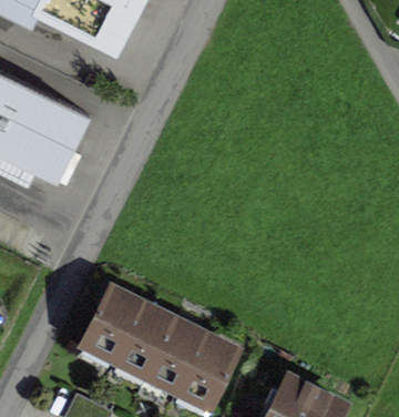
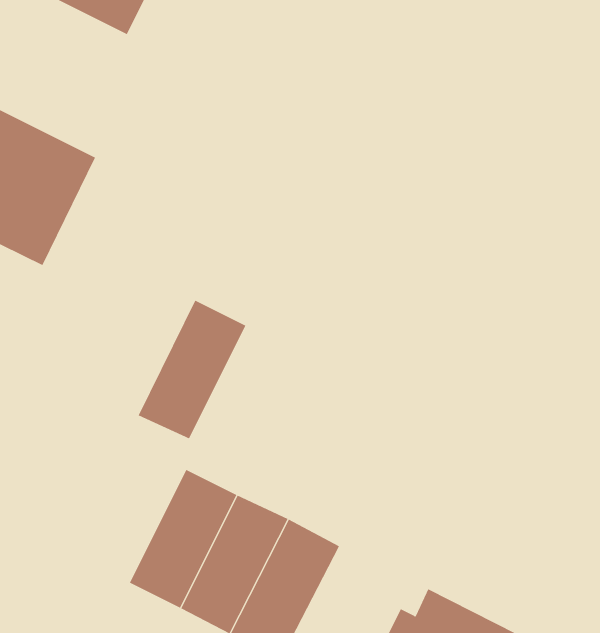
building: [76,287,142,372] -> [138,300,246,439]

